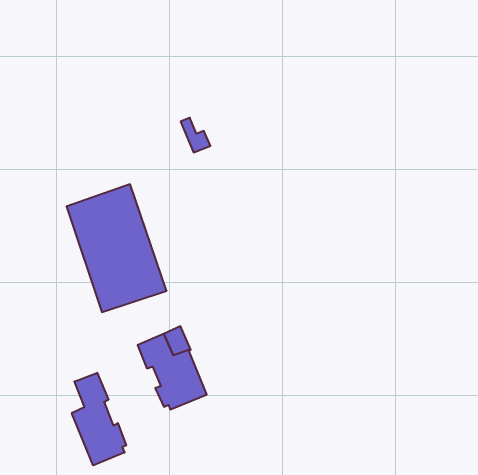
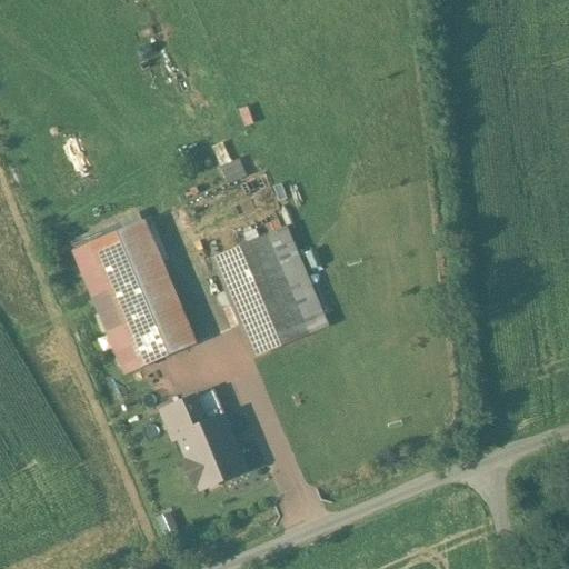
building: none -> [213,226,328,356]
building: [72,373,126,465] -> none

